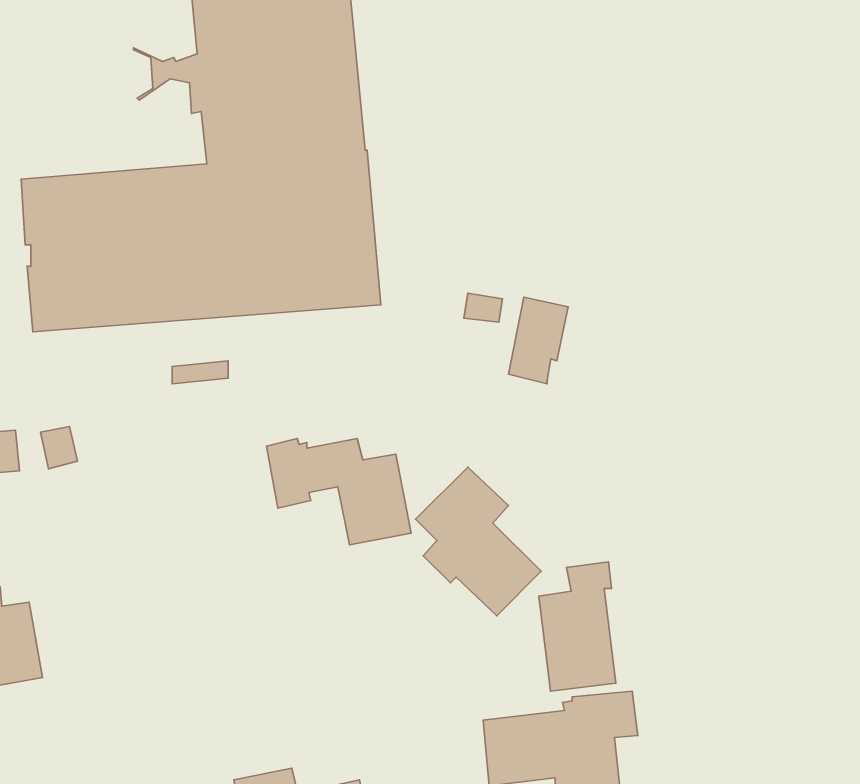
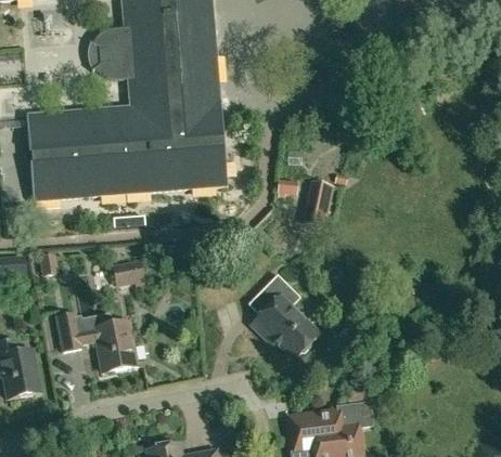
building: none -> [111,259,143,287]
building: [266,439,411,545] -> [56,313,138,373]
building: [539,562,616,691] -> none

